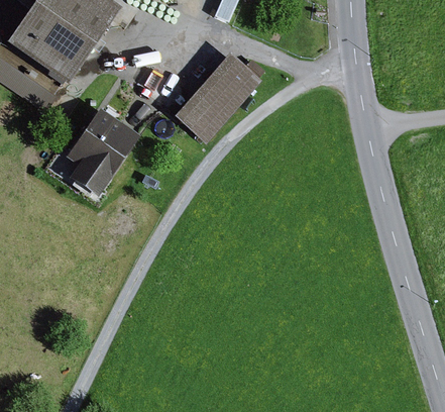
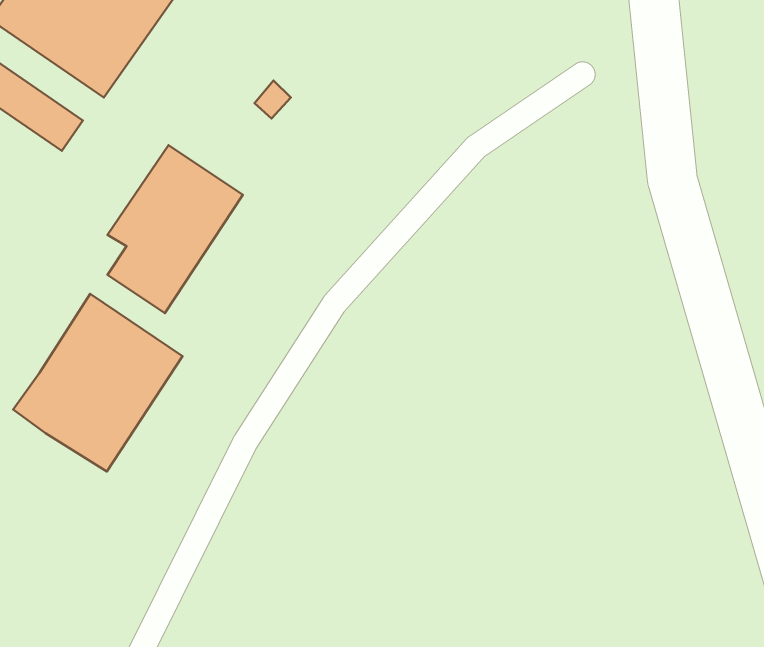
building: [177,52,260,140] -> none
building: none -> [13,294,183,472]

